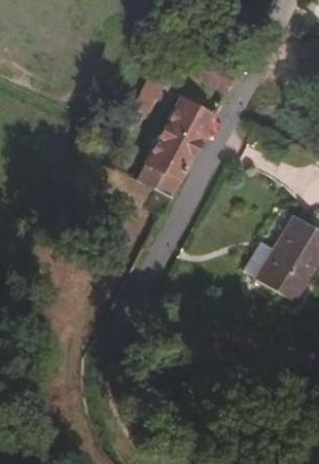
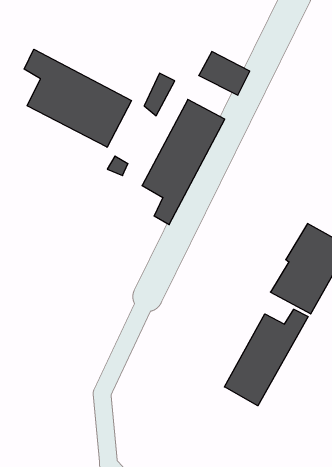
building: none -> [24,49,131,147]
building: none -> [224,309,308,406]

